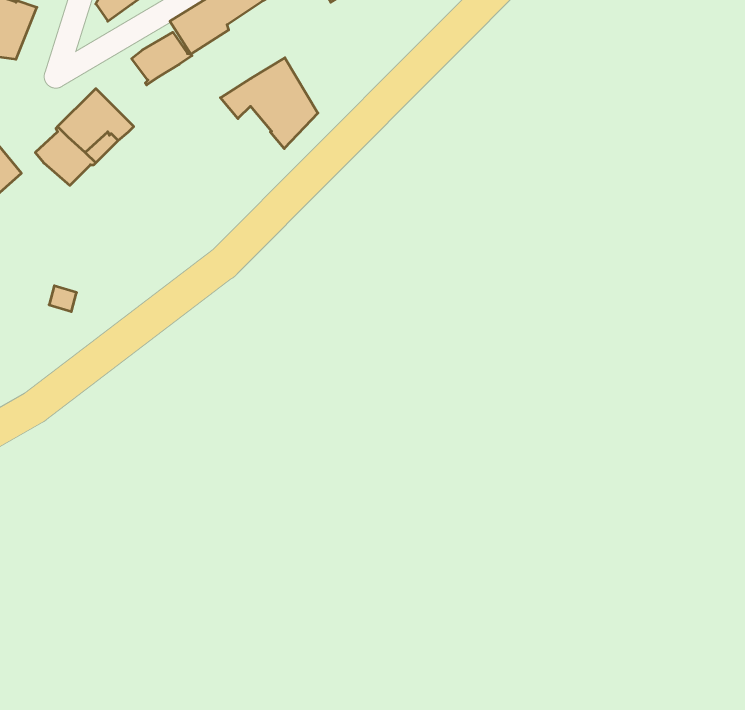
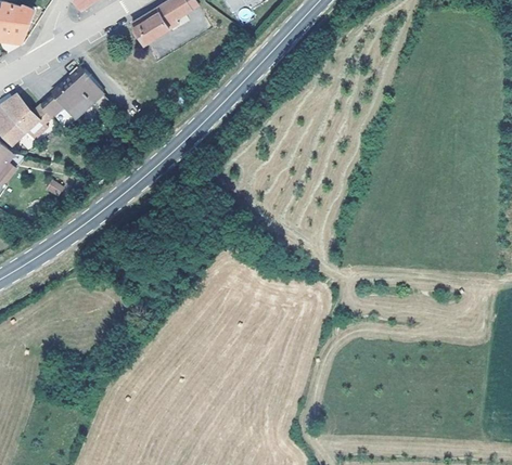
building: [132,32,192,85] -> none
building: [220,58,318,149] -> none

